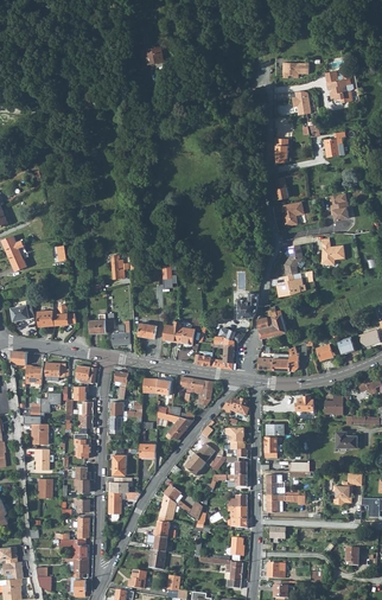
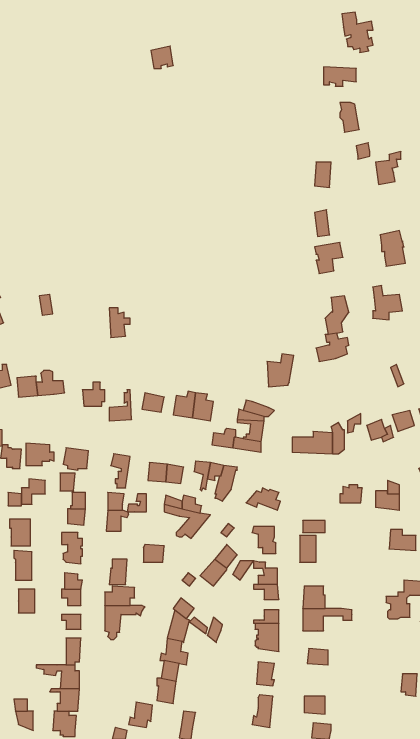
building: [326,71,351,103] -> [342,12,373,52]
building: [256,305,286,339] -> none

